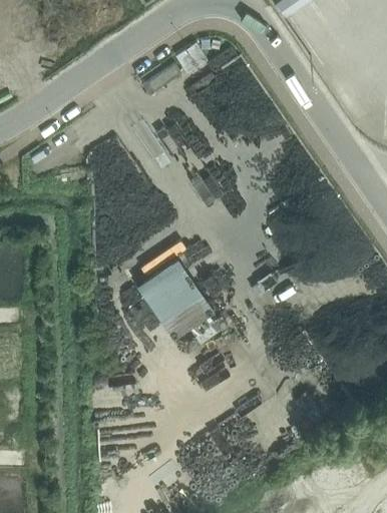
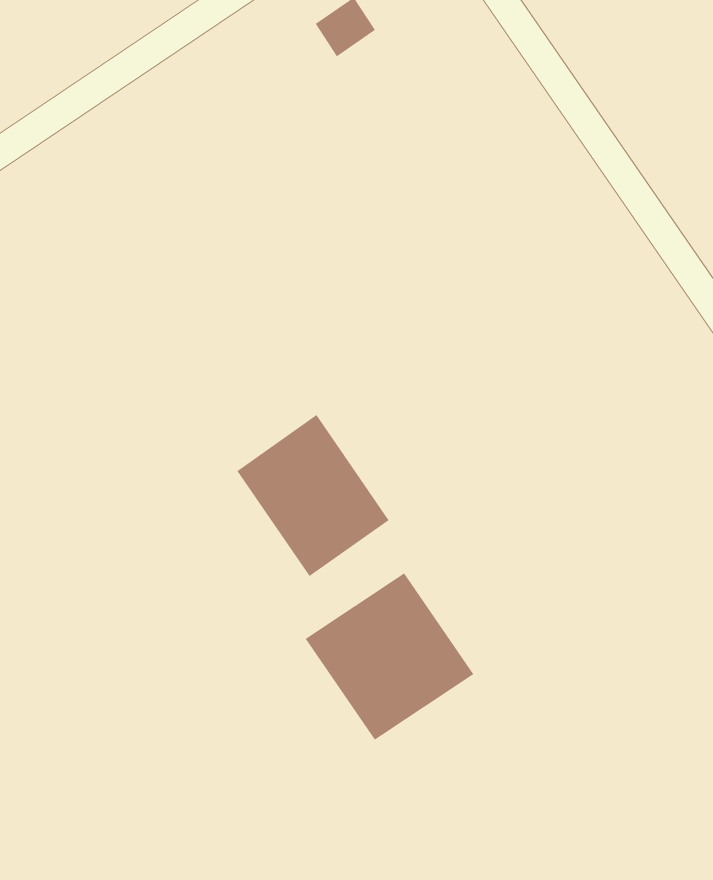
building: none -> [305,572,474,741]

